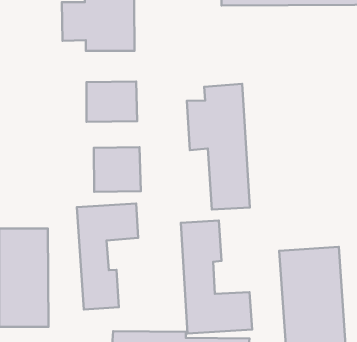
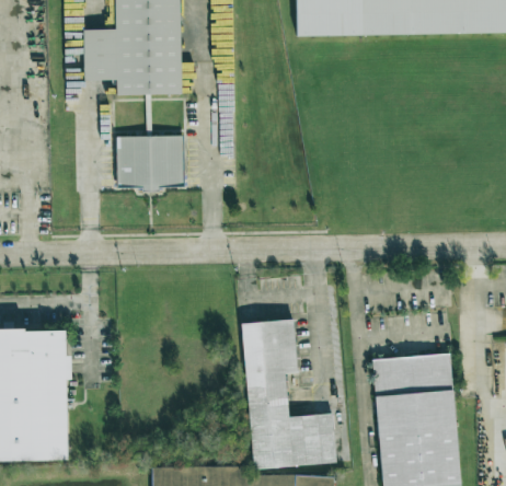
building: [187,84,250,209] -> none
building: [94,147,141,192] -> none
building: [77,203,138,309] -> none

